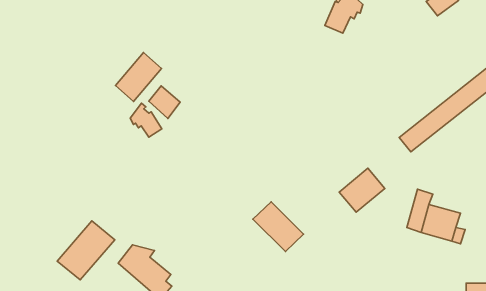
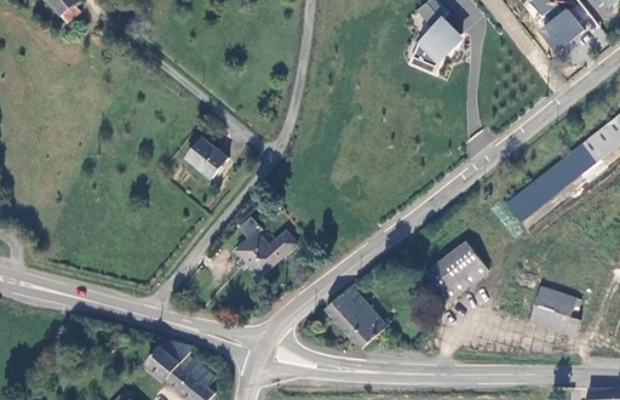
building: [115,53,162,102] -> none
building: [130,103,162,137] -> none
building: none -> [237,216,293,274]
building: [57,221,115,280] -> none

